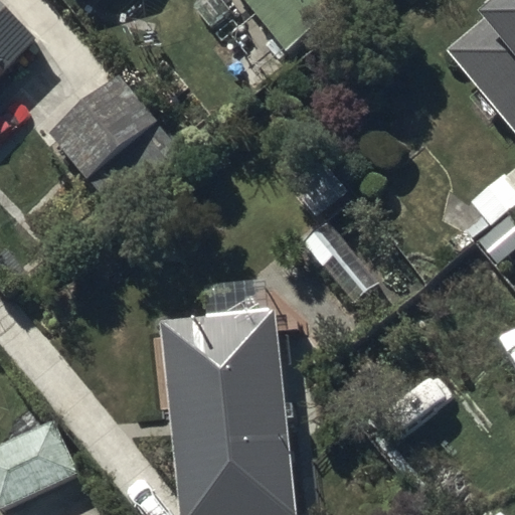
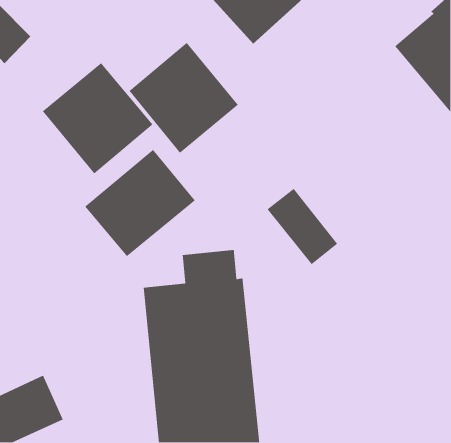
building: none -> [128,42,239,154]
building: none -> [84,149,196,257]

